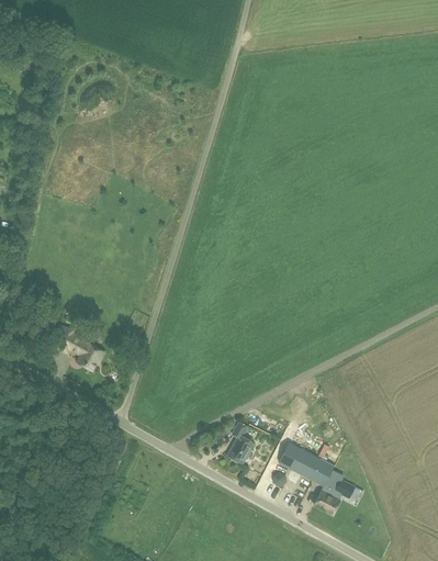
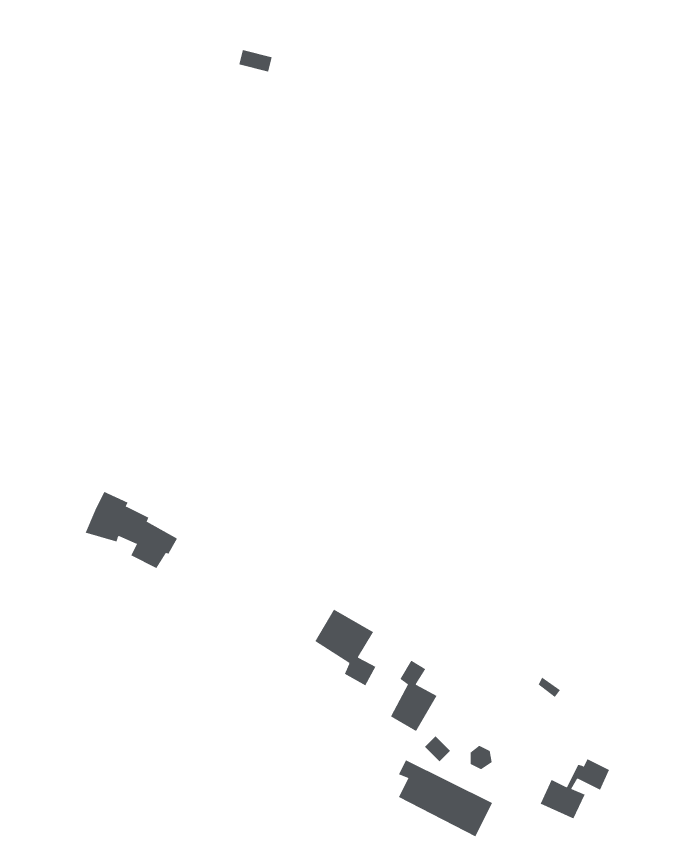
building: none -> [314,609,376,686]
building: [279,440,334,485] -> [398,759,493,837]

